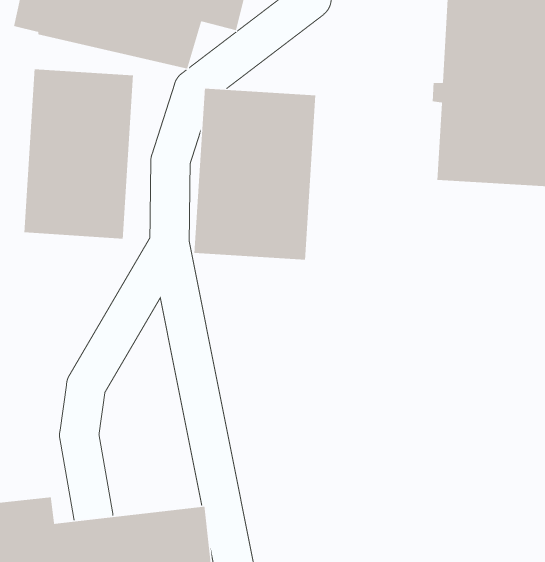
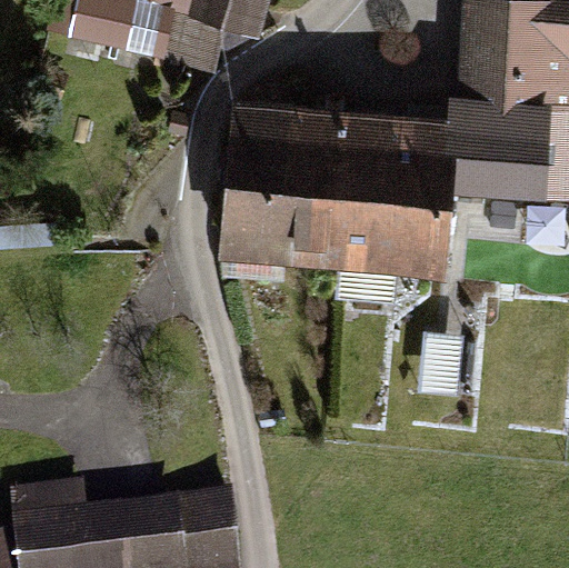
building: [23,68,134,239] -> none
building: none -> [329,99,459,266]

